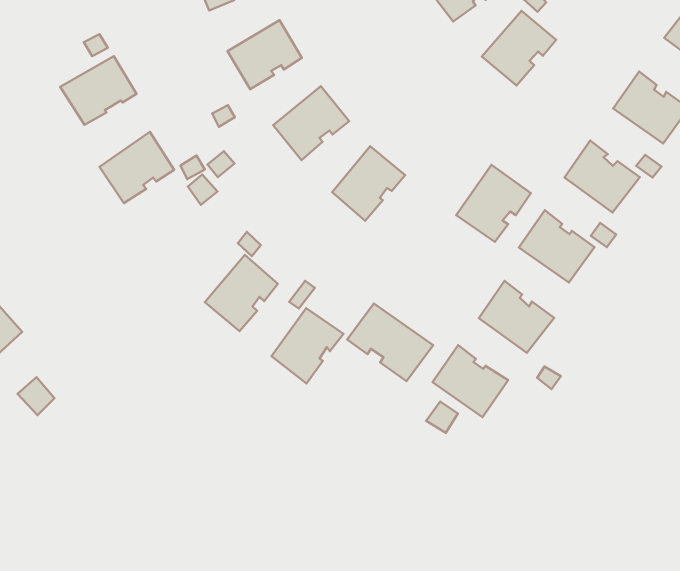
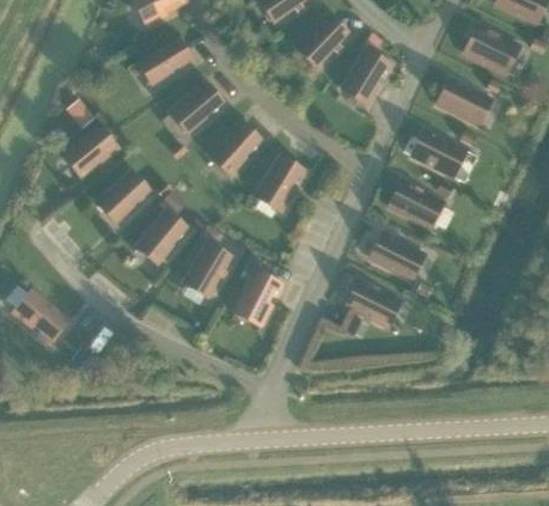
building: [456,165,531,242] -> none
building: none -> [139,211,188,262]
building: [347,304,433,381] -> none

